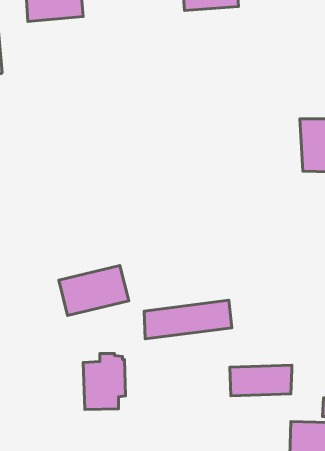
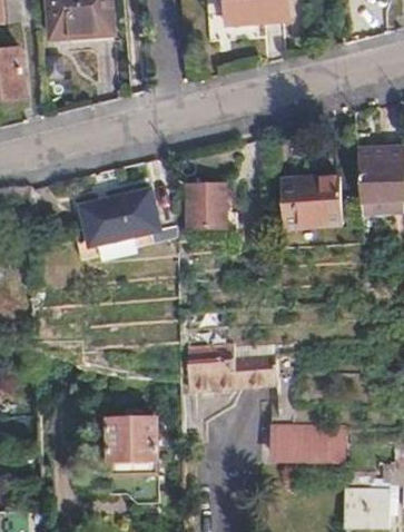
building: none -> [279,177,342,228]
building: none -> [188,186,225,240]
building: [59,265,129,316] -> [79,190,158,247]

